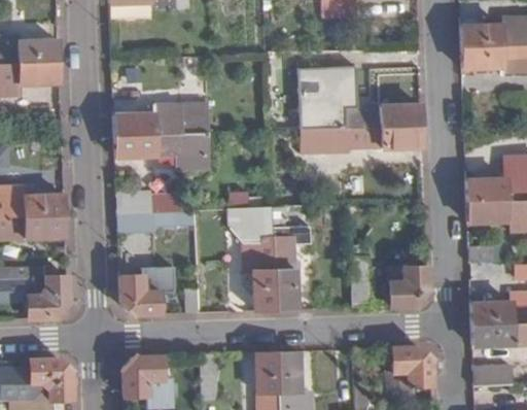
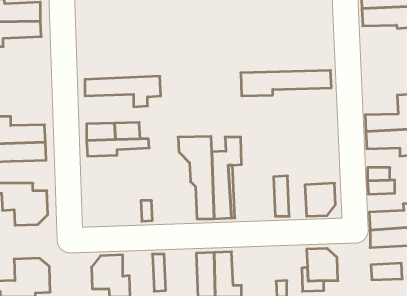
building: [300,66,422,129] -> none
building: [114,103,209,136] -> none
building: [120,266,169,315] -> none

